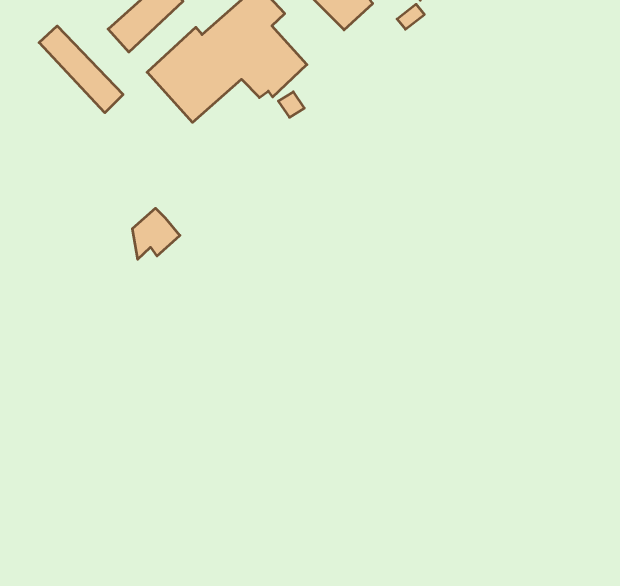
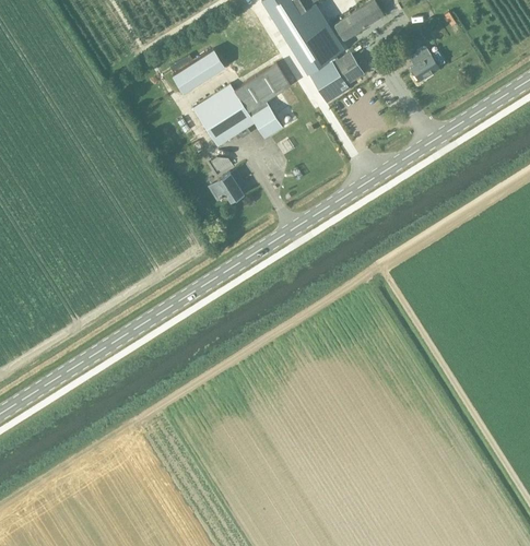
building: [39,26,123,113] -> none
building: [132,208,180,259] -> [216,169,247,201]

